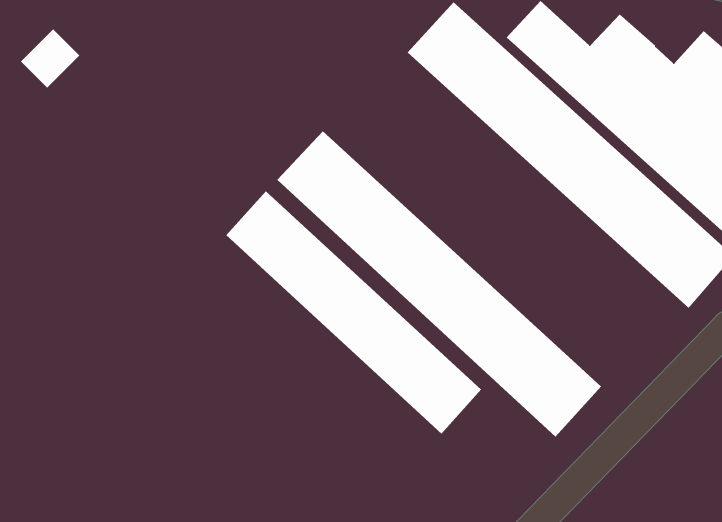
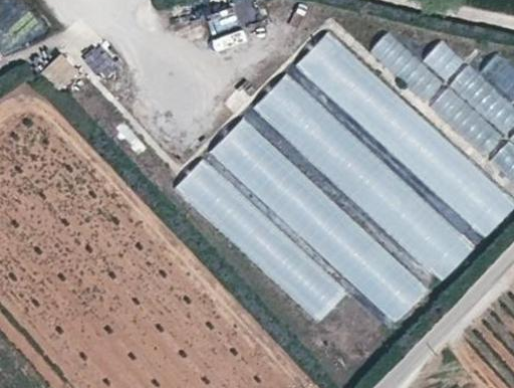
building: none -> [256,74,475,281]

